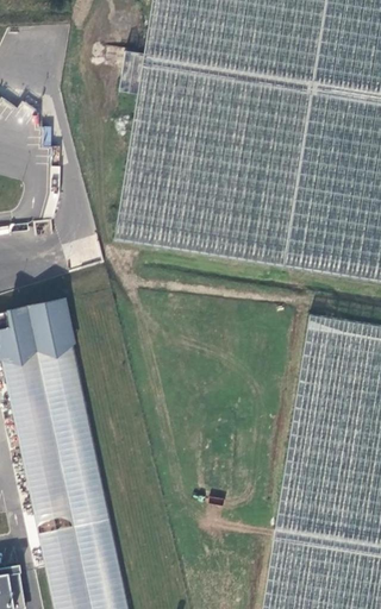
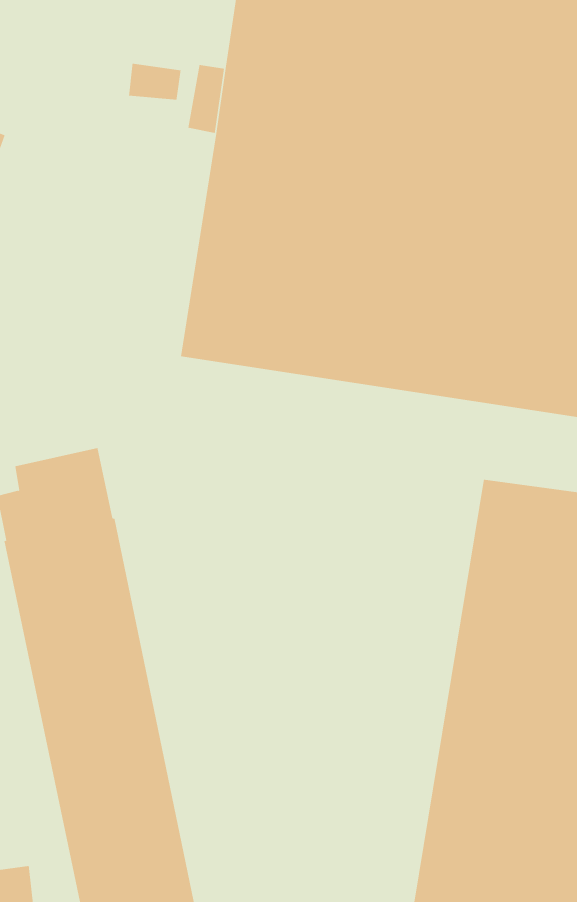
building: none -> [129,63,181,101]

